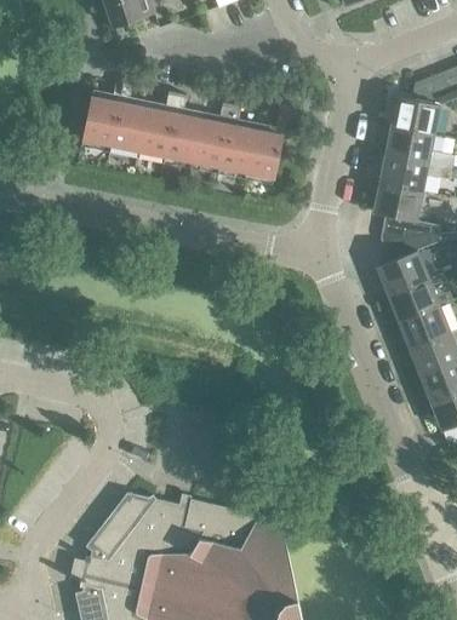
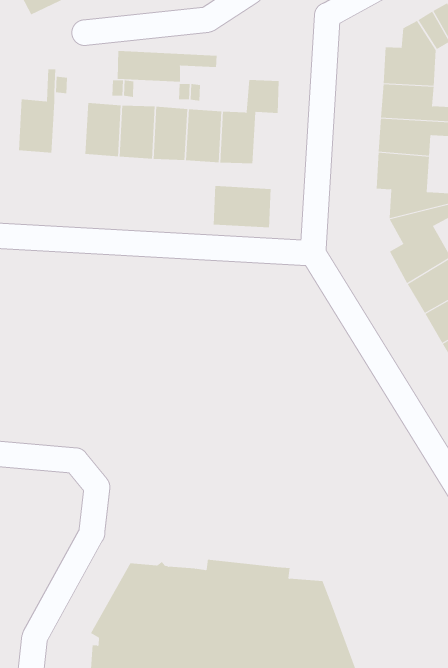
building: none -> [117,50,217,83]
building: [110,102,145,149] -> none
building: none -> [213,185,271,228]

